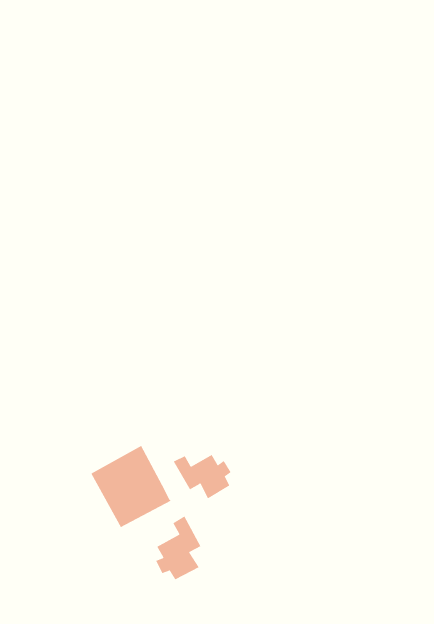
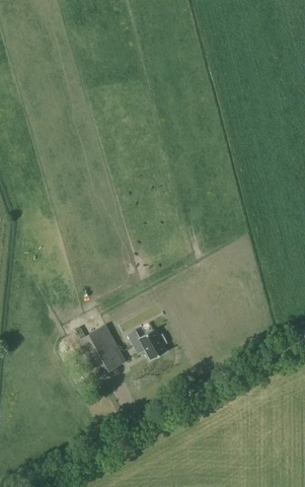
building: [156,516,201,580] -> none

